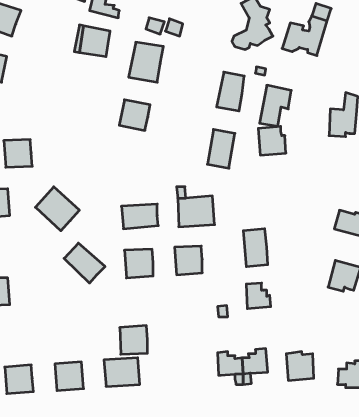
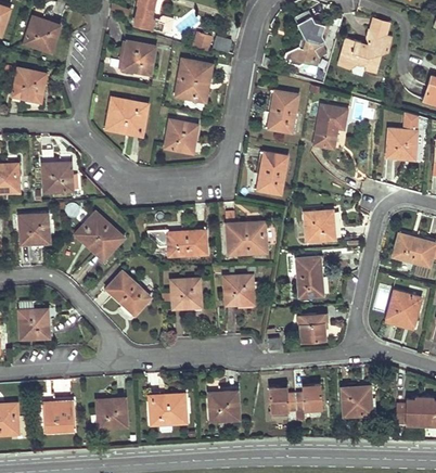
building: none -> [106,99,148,137]
building: [258,126,286,155] -> [305,212,334,242]
building: [120,326,147,354] -> [208,391,238,421]

